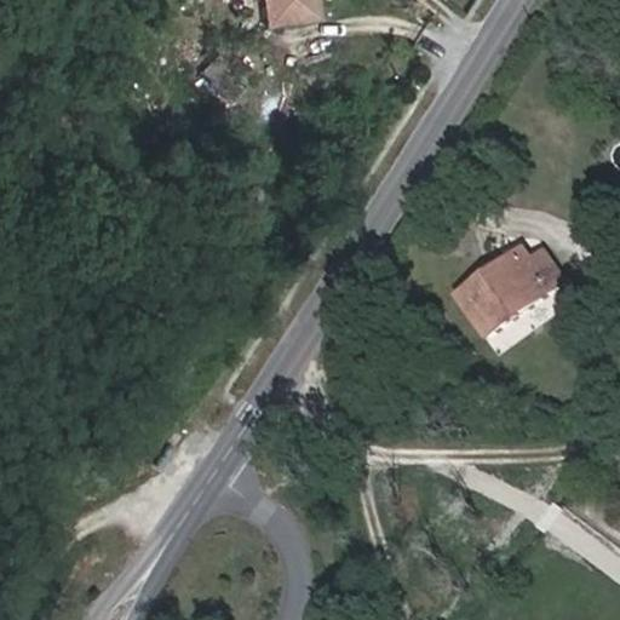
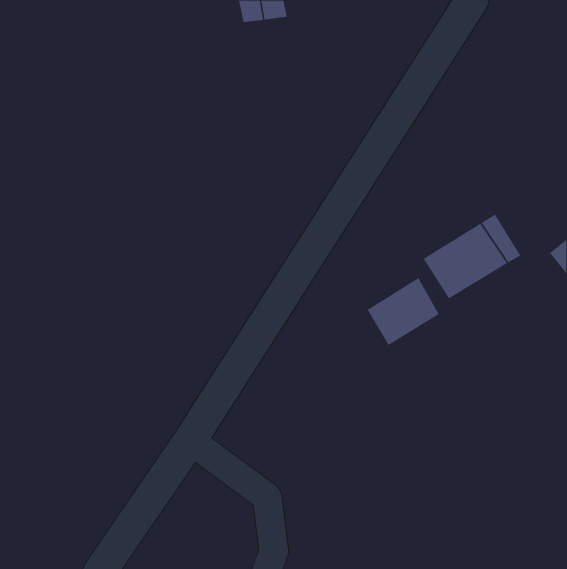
building: none -> [367,277,440,346]

